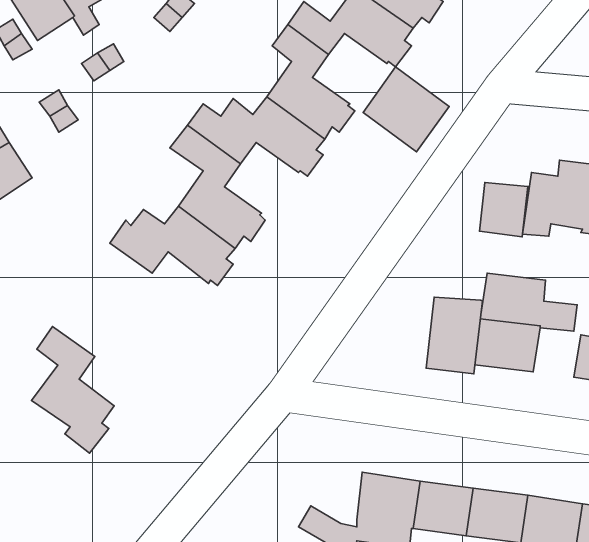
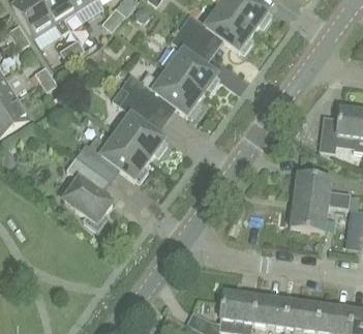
building: [363,67,449,152] -> none
building: [479,182,528,237] -> none
building: [426,297,482,374] -> none
building: [31,326,114,453] -> [63,155,112,230]

